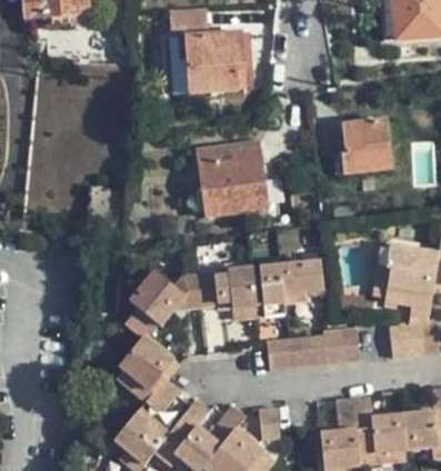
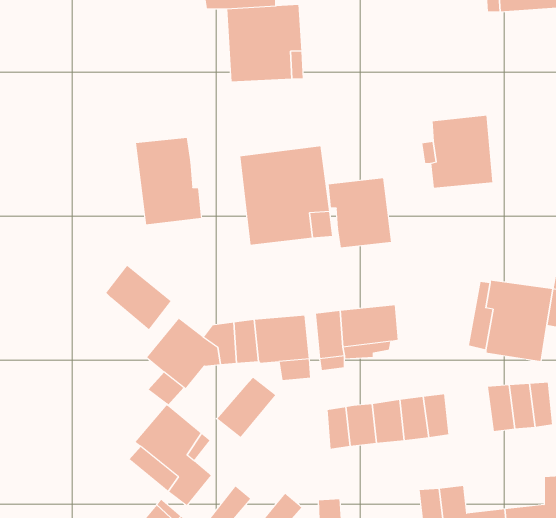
building: none -> [136,137,202,225]
building: none -> [328,177,392,248]
building: none -> [105,265,171,330]
building: none -> [217,377,276,438]

